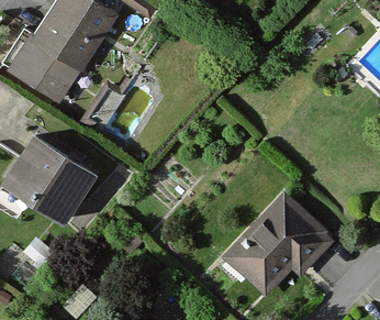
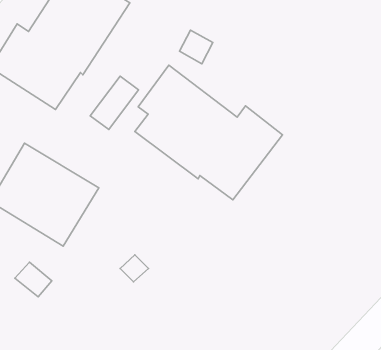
building: none -> [135,65,283,200]
building: [220,192,333,298] -> none

